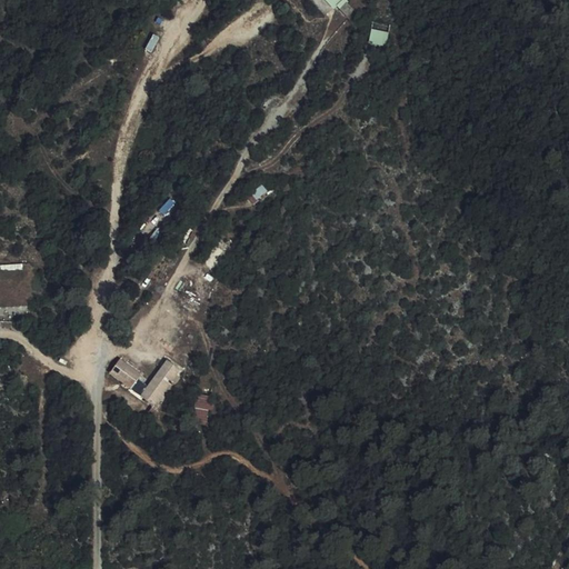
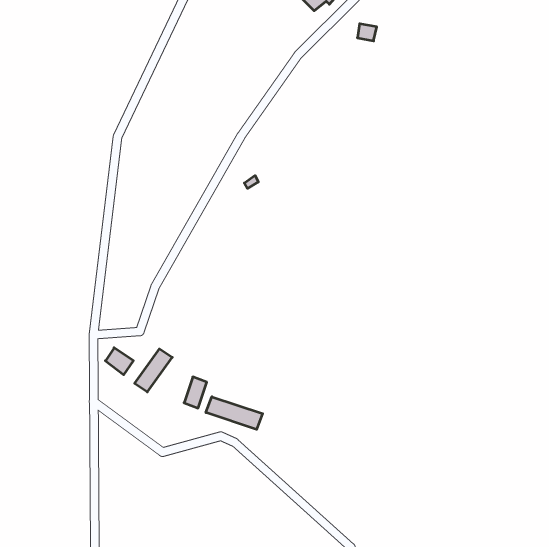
building: none -> [206,397,263,429]

